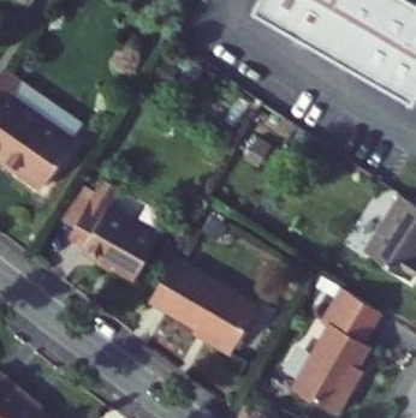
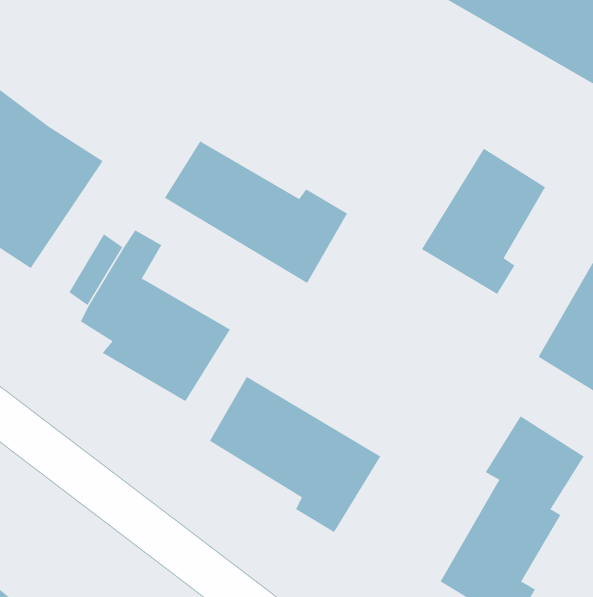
building: none -> [164,141,348,284]
building: none -> [421,148,546,295]

